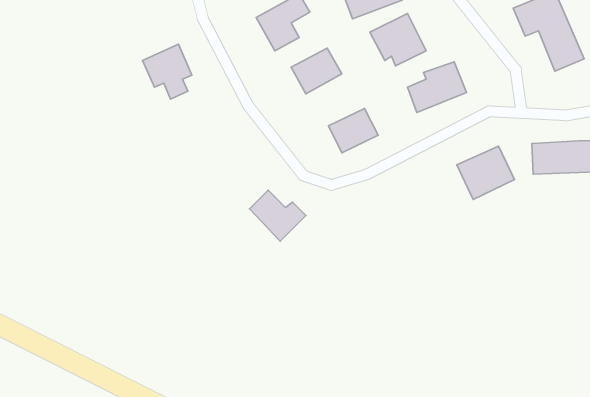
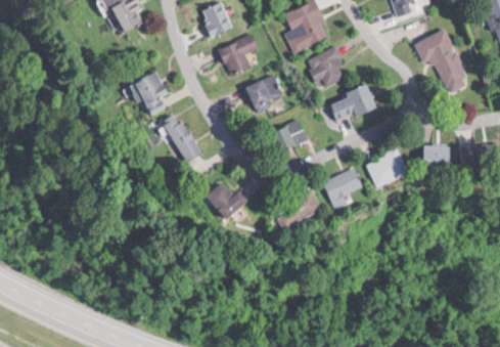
building: none -> [164,112,204,164]
building: none -> [329,168,369,211]
building: none -> [285,189,329,231]

